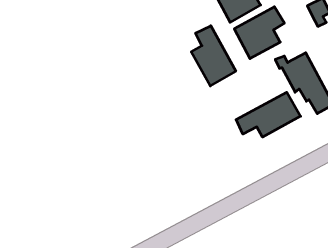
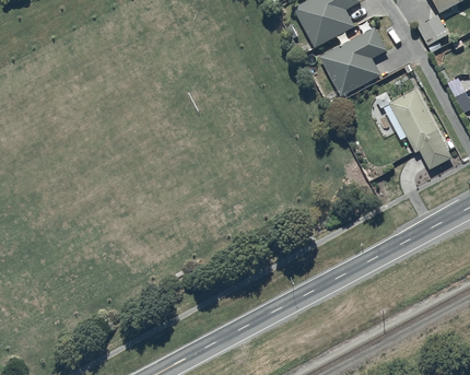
building: [191,26,236,86] -> none
building: [236,92,301,137] -> none

